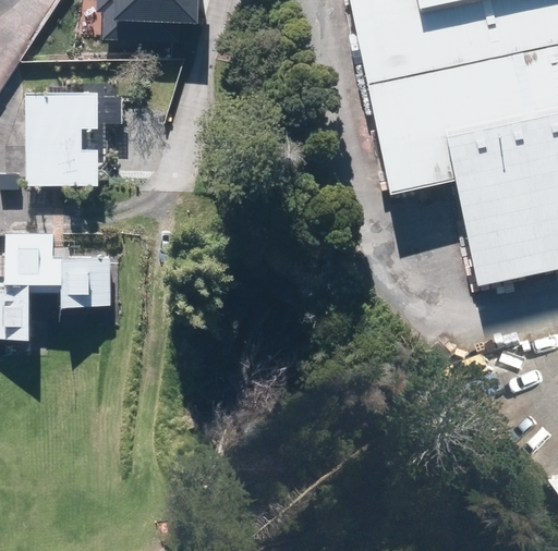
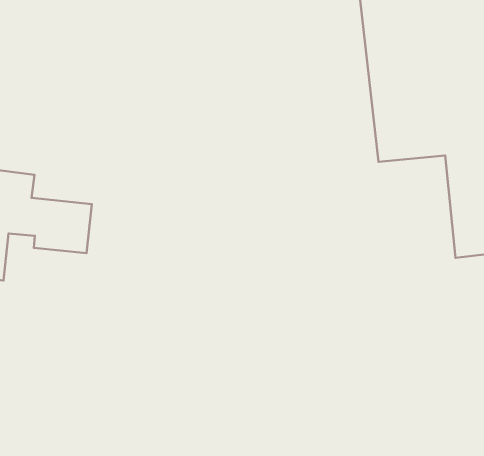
building: [24,91,109,188] -> none

